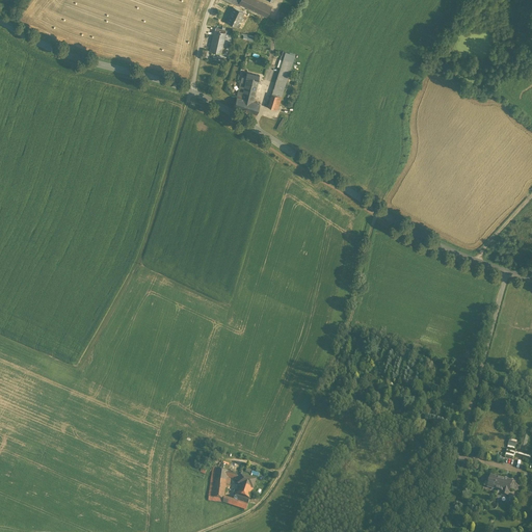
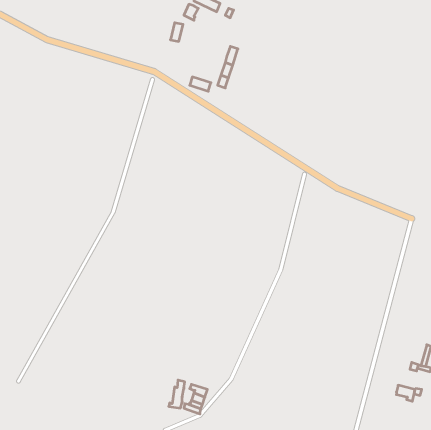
building: [237,74,259,100] -> none

